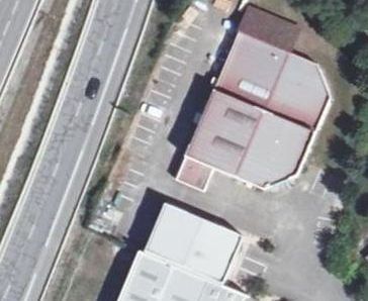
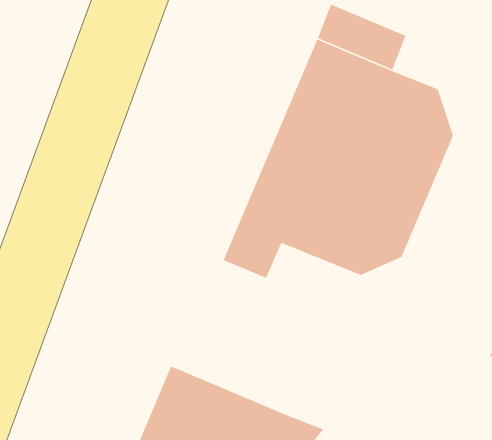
building: [146,203,238,281] -> none

